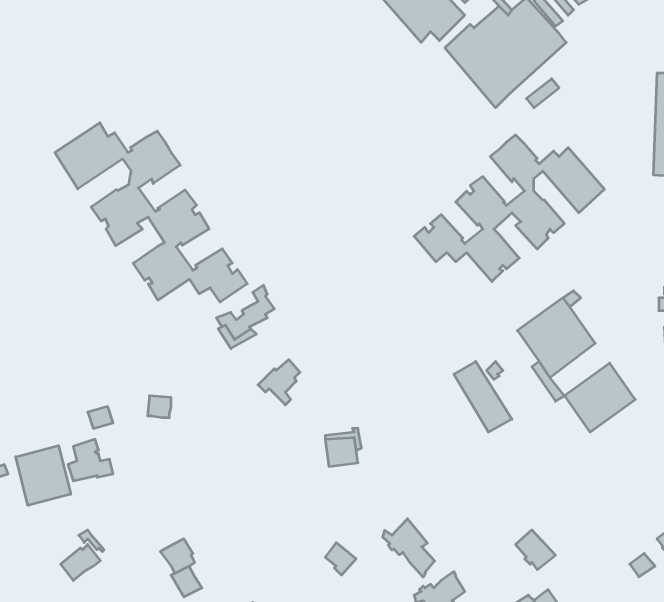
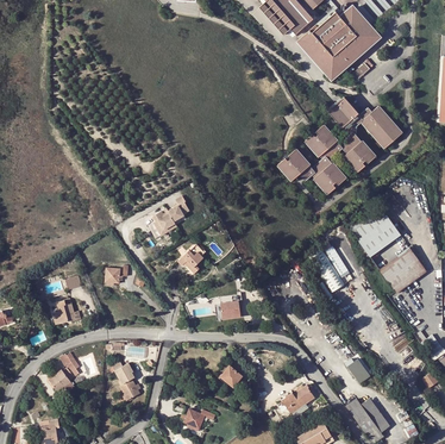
building: [55,123,247,302] -> none
building: [16,446,71,505] -> none
building: [383,519,435,577] -> none

